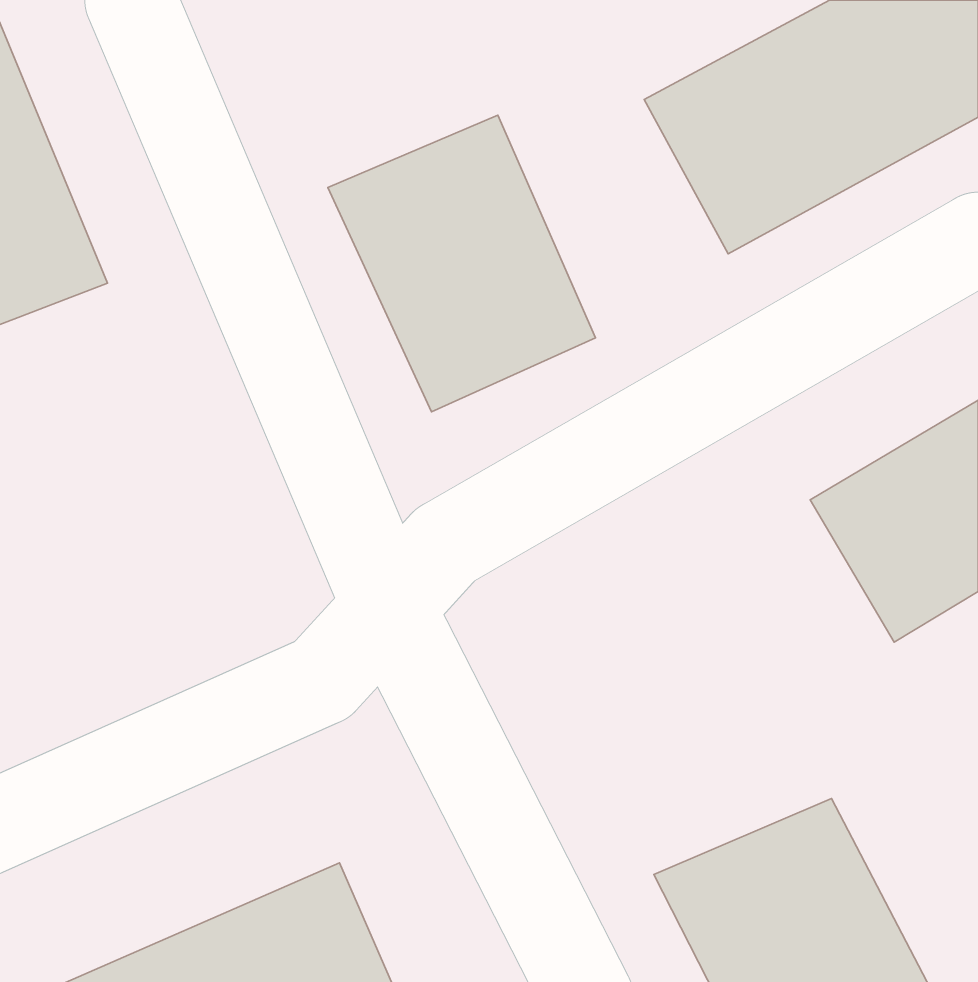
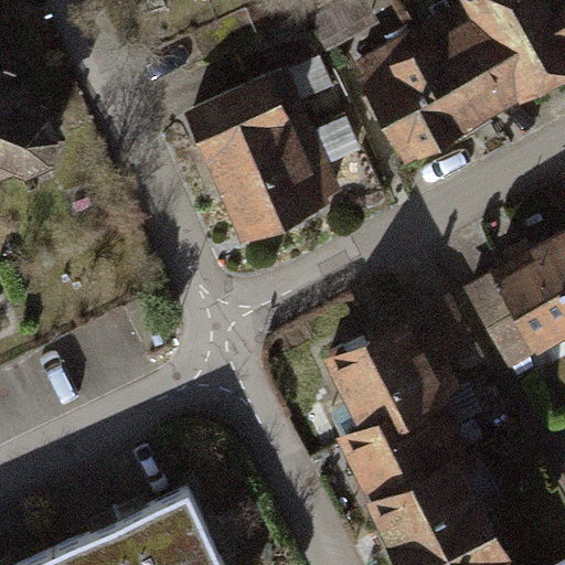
building: none -> [320,305,476,500]

